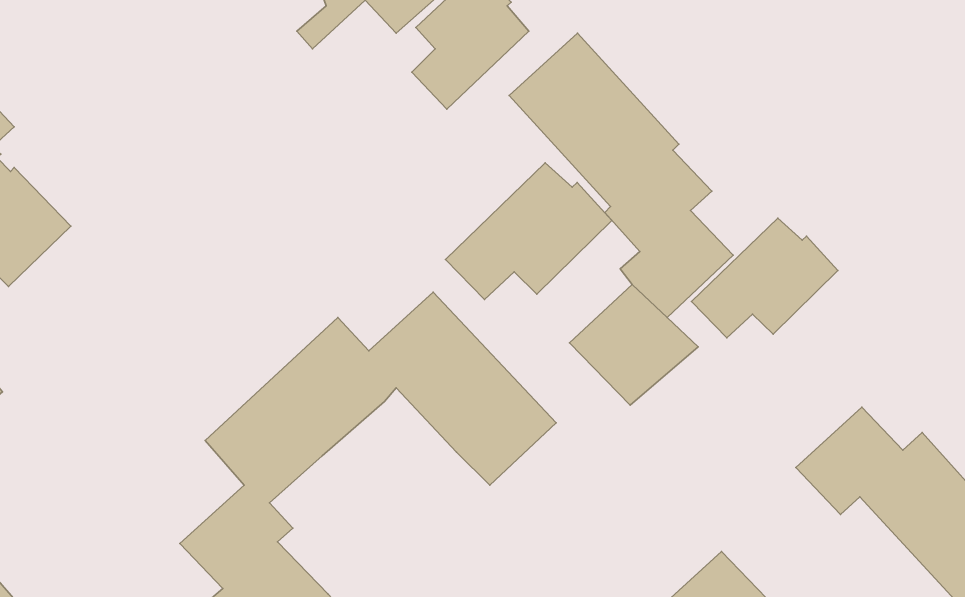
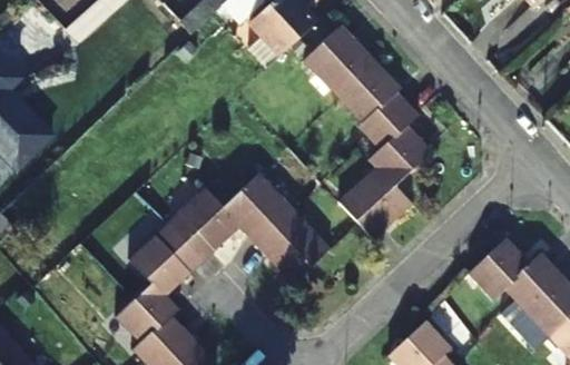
building: [445,163,612,299] -> none
building: [692,218,838,338] -> none

